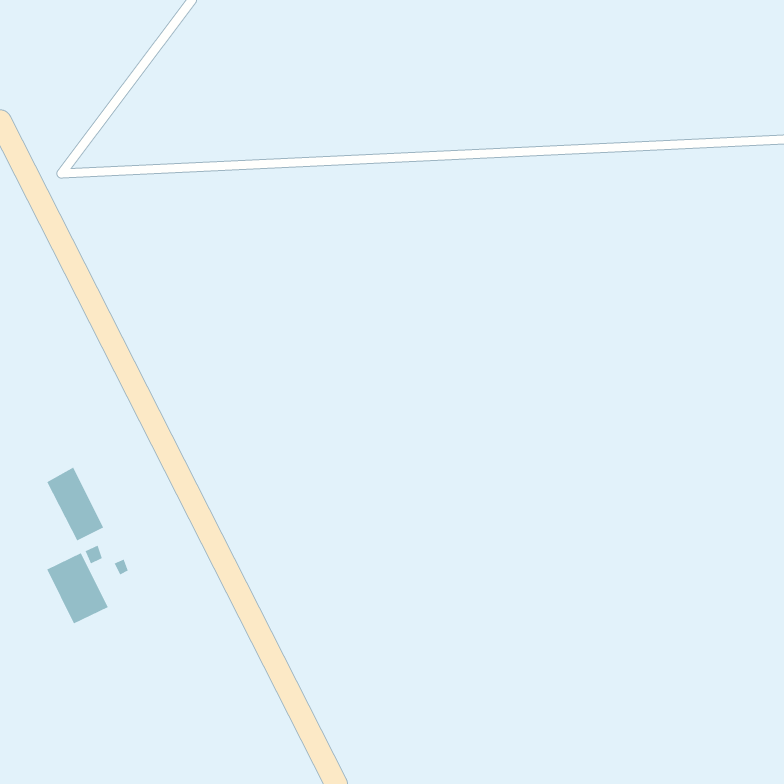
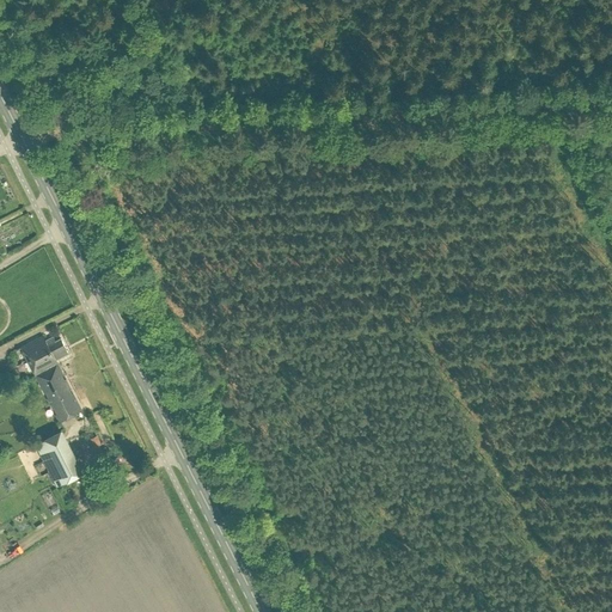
building: none -> [22,336,68,375]

